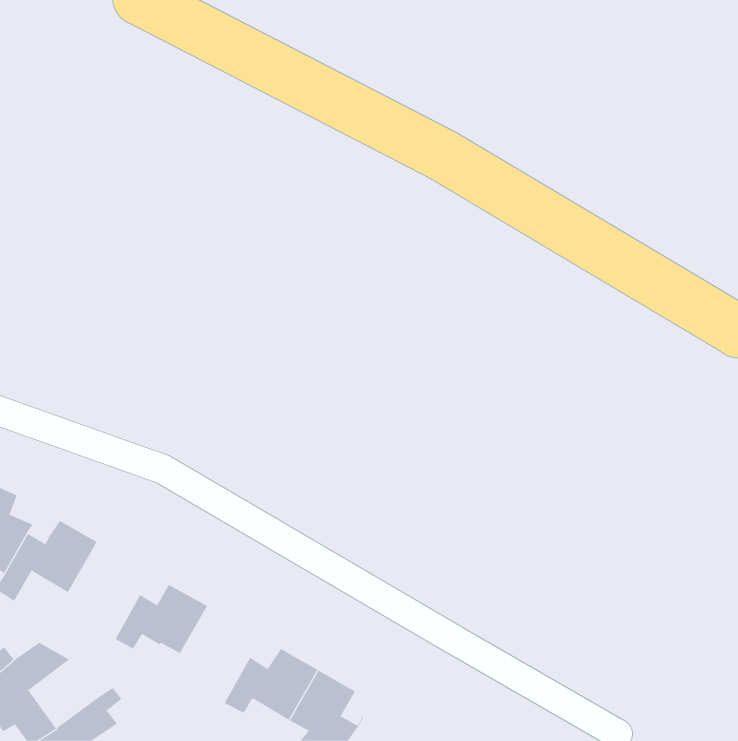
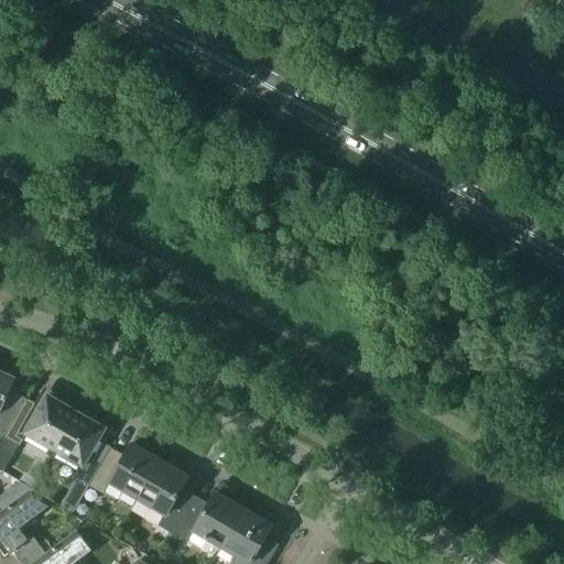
building: none -> [52,411,105,485]
building: none -> [137,459,189,533]

